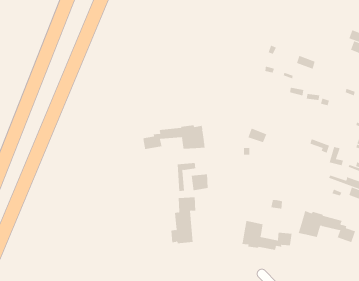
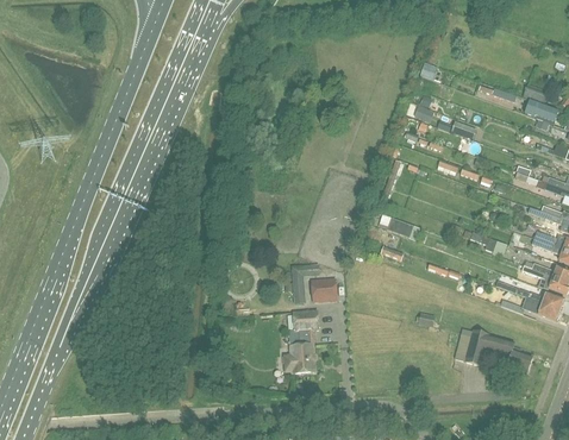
building: [142,125,205,150] -> none
building: [241,220,292,251] -> none

